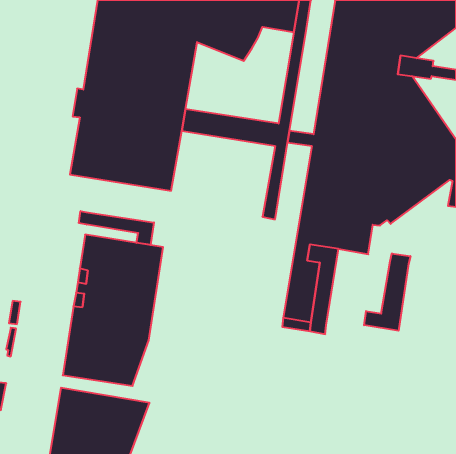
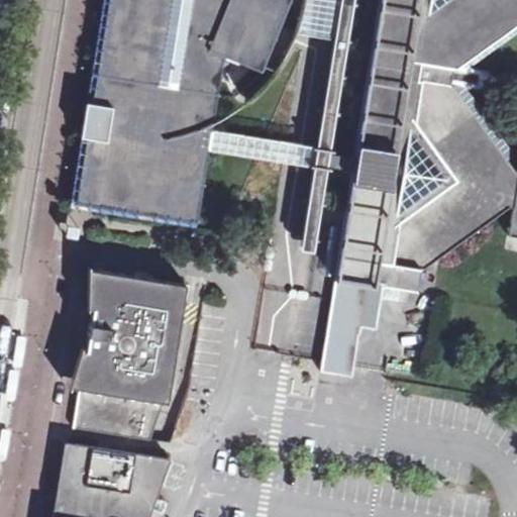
building: [79,211,154,245] -> none
building: [364,253,410,331] -> none

